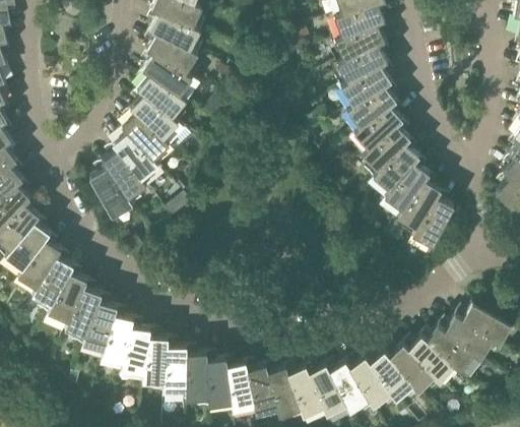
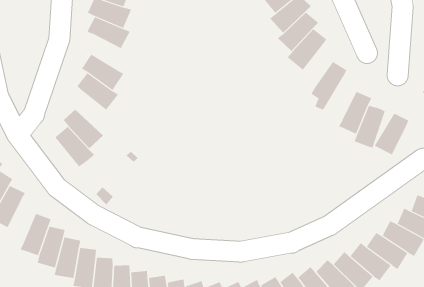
building: [138,77,185,120] -> none
building: [365,129,409,173] -> none
building: [113,136,156,182] -> none
building: [386,167,429,212] -> [374,113,409,155]
building: [19,243,61,290] -> none

